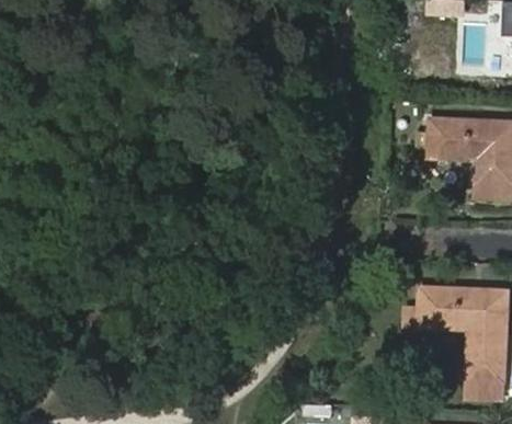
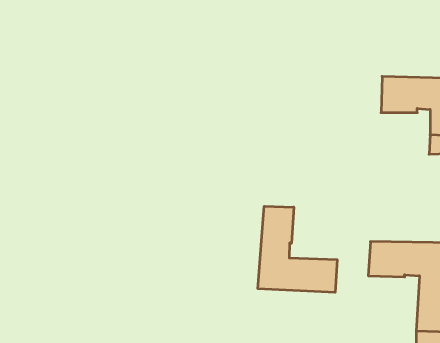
building: none -> [258,206,337,292]

